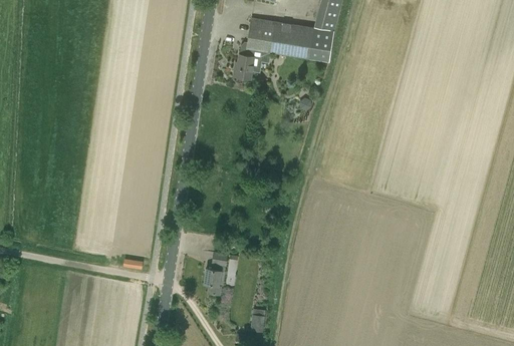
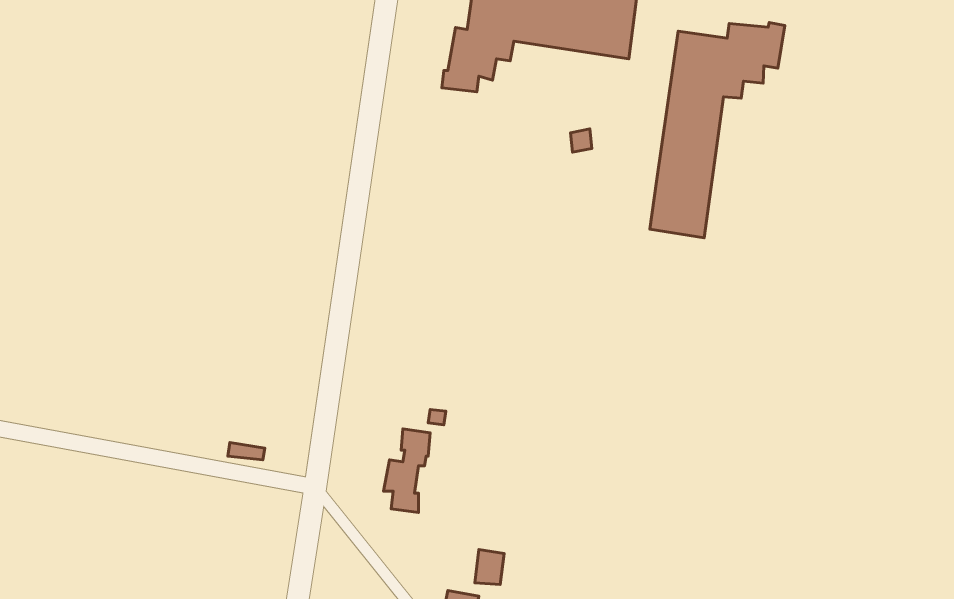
building: none -> [650,23,785,238]

